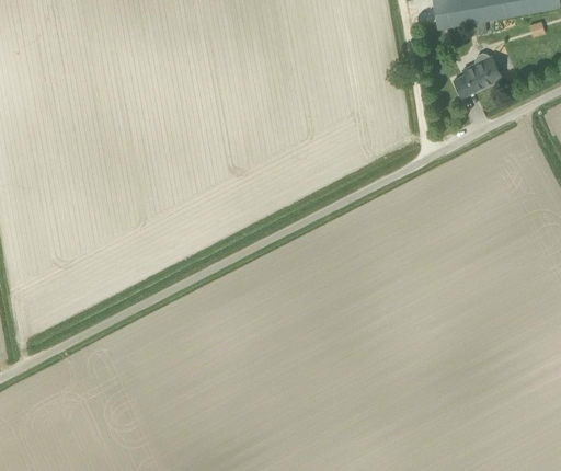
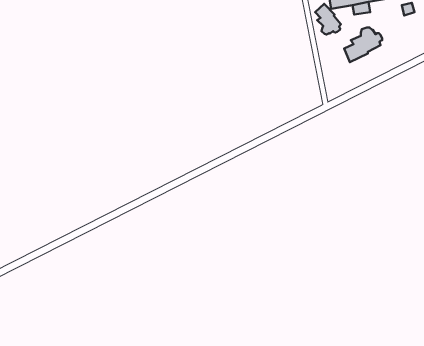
building: none -> [315,4,341,34]

